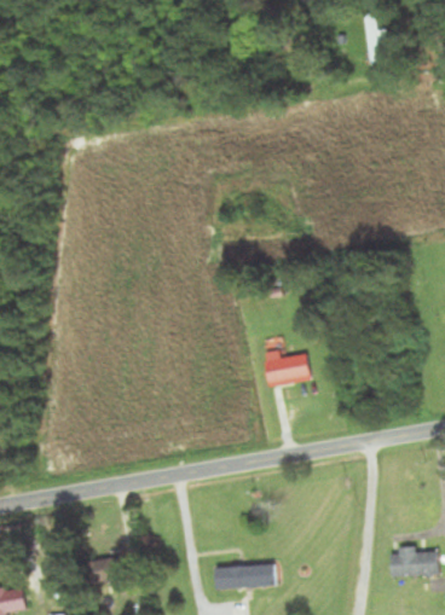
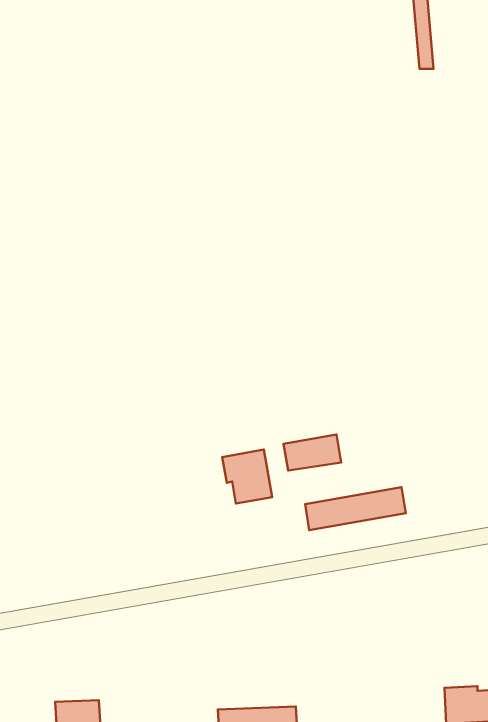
building: none -> [222,450,272,504]
building: none -> [305,487,406,530]

